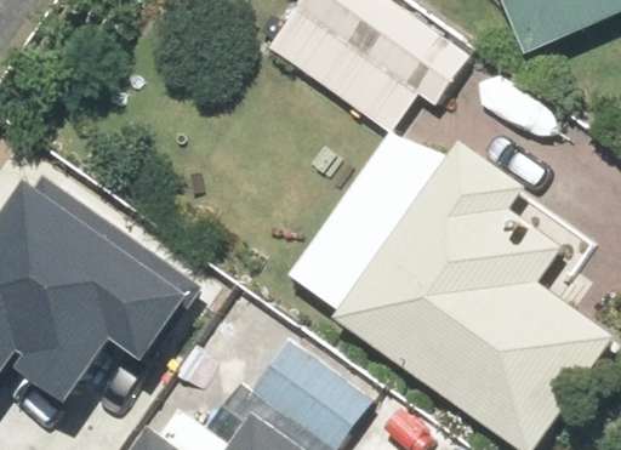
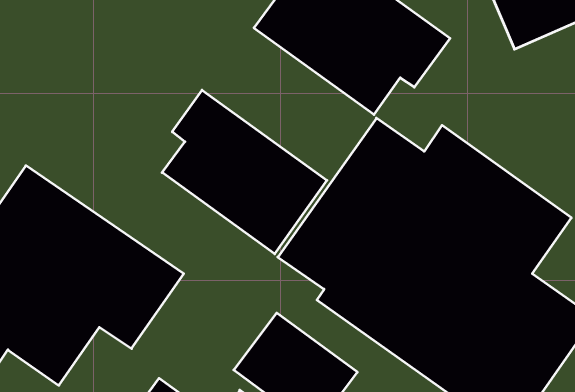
building: none -> [162,90,327,254]

